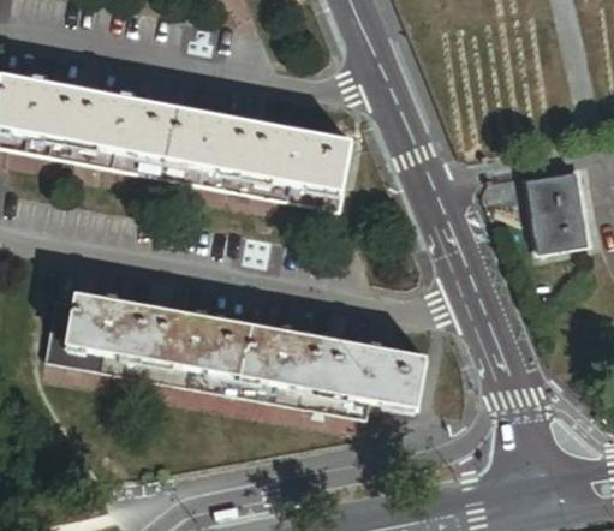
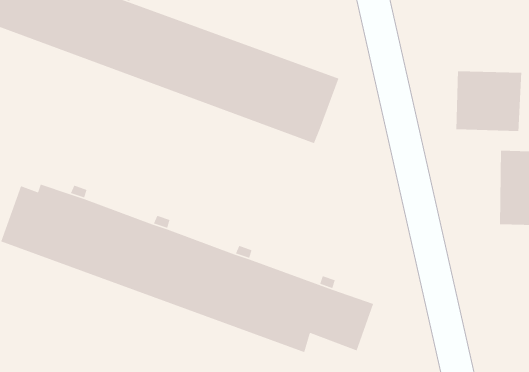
building: none -> [455,71,522,132]

